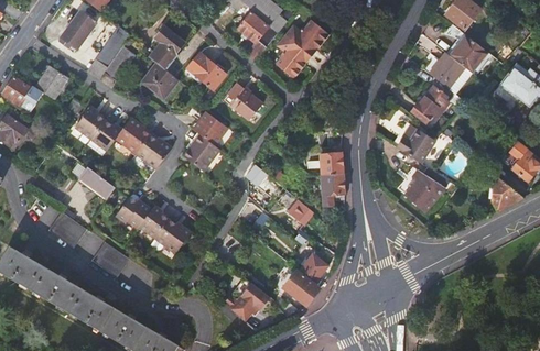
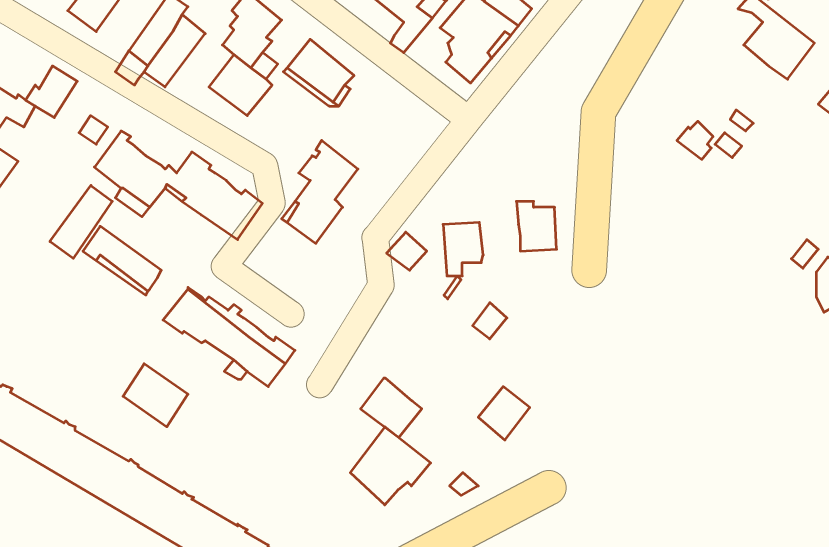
building: [429,53,465,89] -> none
building: [228,83,264,120] -> none
building: [397,125,434,163] -> none
building: none -> [50,185,112,258]
building: [404,167,451,211] -> none
building: [322,174,345,205] -> [443,222,483,276]
building: [50,210,87,246] -> none
building: [283,271,318,305] -> [361,378,422,437]

